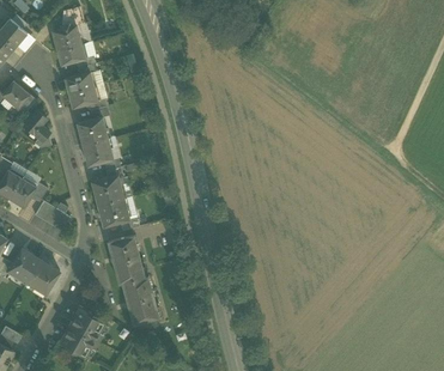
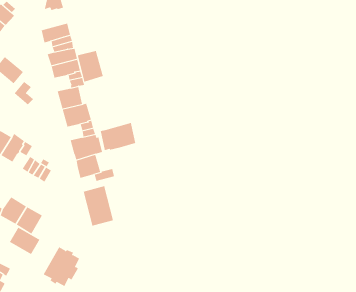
building: [51,24,89,50] -> none
building: none -> [77,50,104,82]
building: none -> [100,122,136,151]
building: [121,276,158,326] -> none
building: none -> [9,227,40,255]

